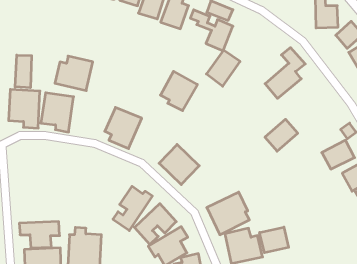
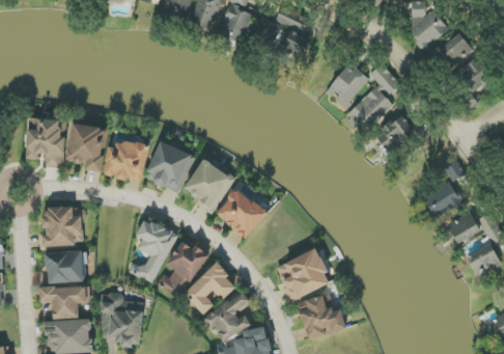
building: [206,50,240,86] -> [326,63,368,109]
building: [15,55,32,88] -> none
building: [55,56,93,91] -> [103,139,150,183]
building: [160,71,197,111] -> [186,160,232,210]
building: [265,119,298,151] -> [374,113,416,154]
building: none -> [39,207,84,246]
building: none -> [132,218,176,282]
building: none -> [46,251,84,283]
building: [260,227,289,253] -> none

